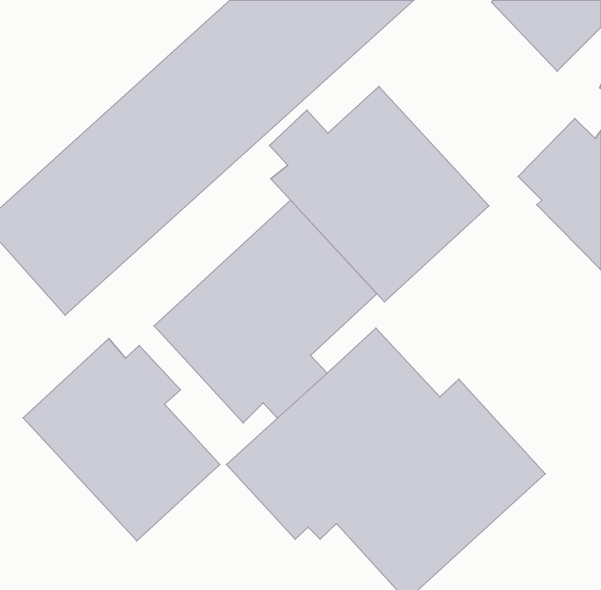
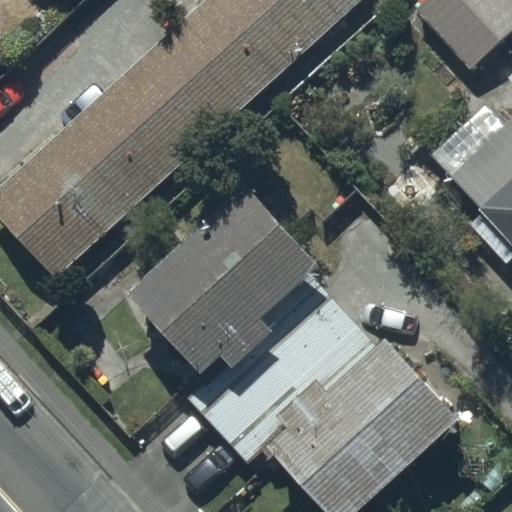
building: [270,86,489,302] -> none
building: [23,339,220,541] -> none

